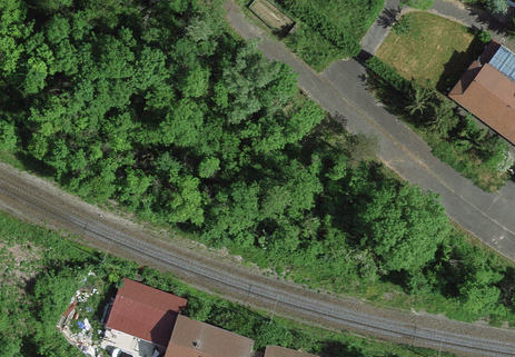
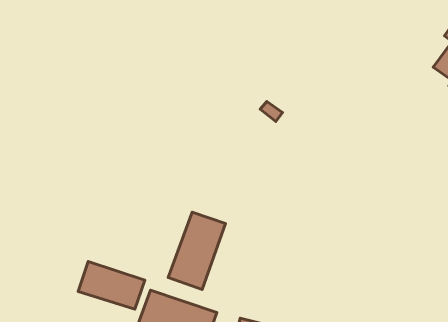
building: none -> [168,212,225,289]

